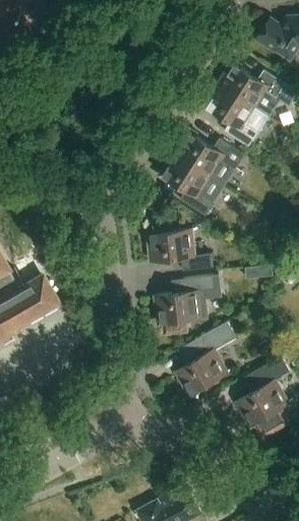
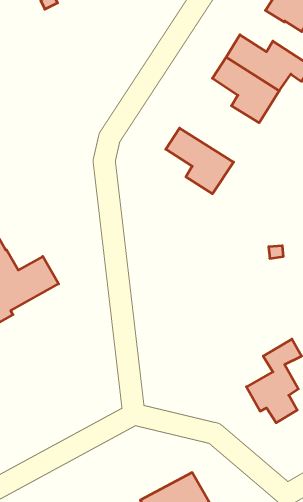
building: [174,132,245,186] -> none
building: [148,230,214,272] -> none
building: [156,276,216,335] -> none
building: [177,324,237,396] -> none

